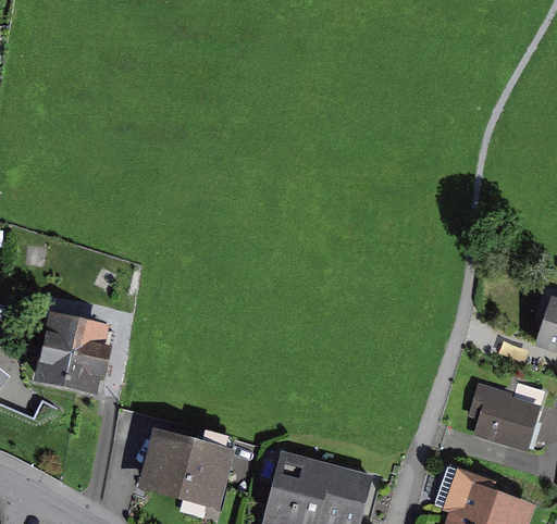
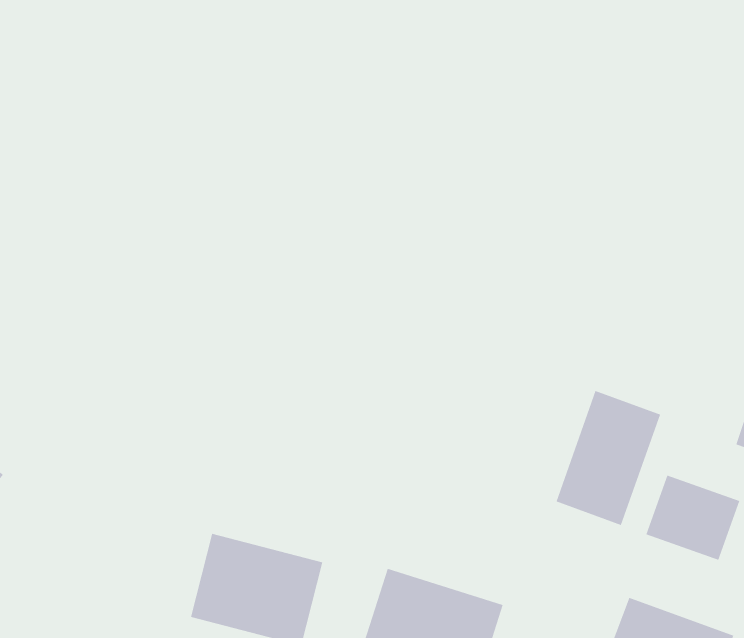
building: [27,323,114,407] -> none
building: none -> [556,390,661,526]

